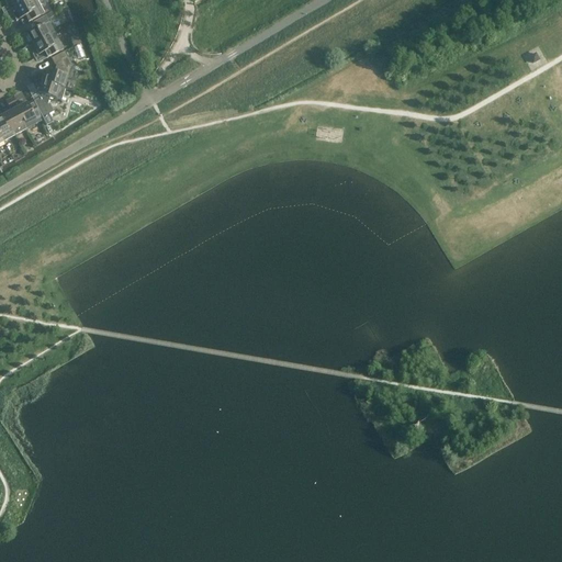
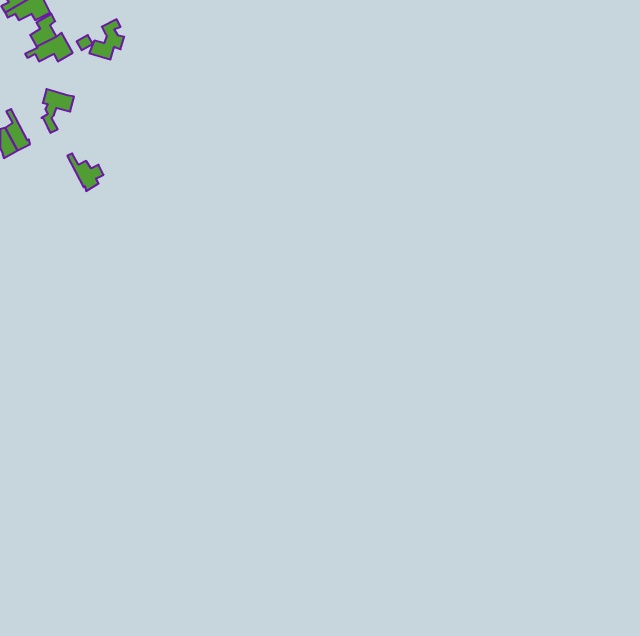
building: [42,48,72,83] -> [89,19,124,59]
building: [11,93,43,126] -> [67,153,104,191]

